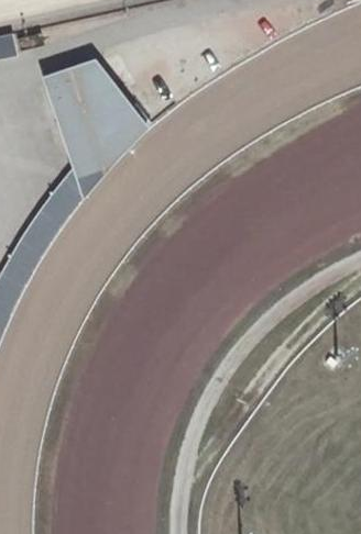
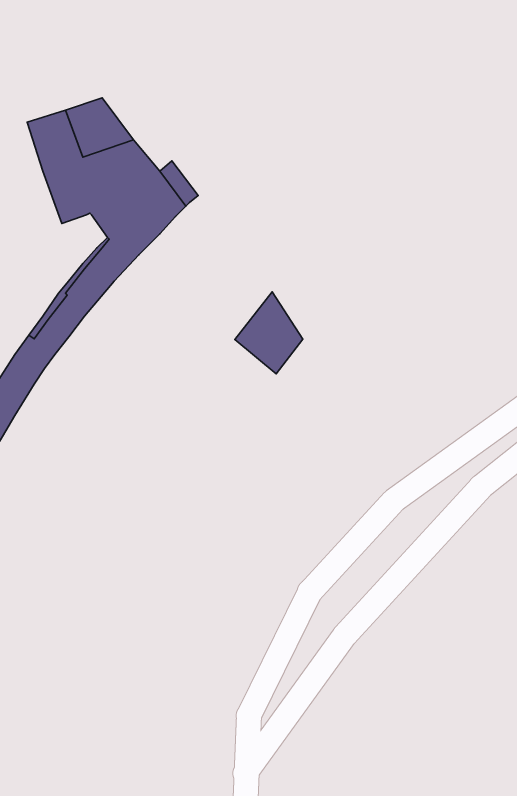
building: none -> [235,292,303,374]

